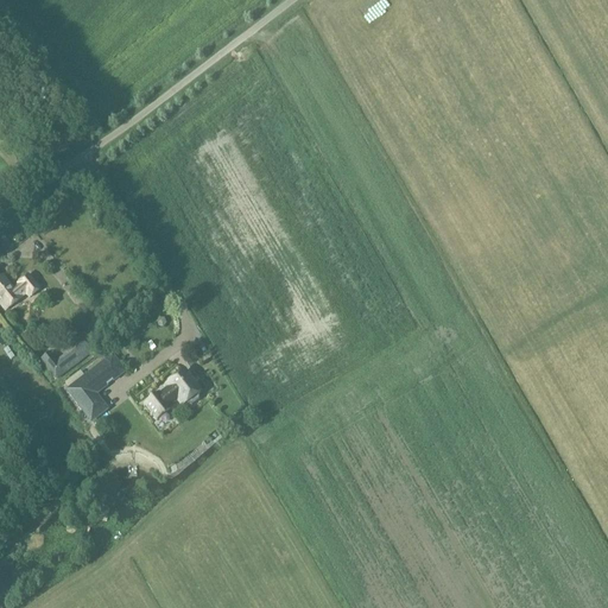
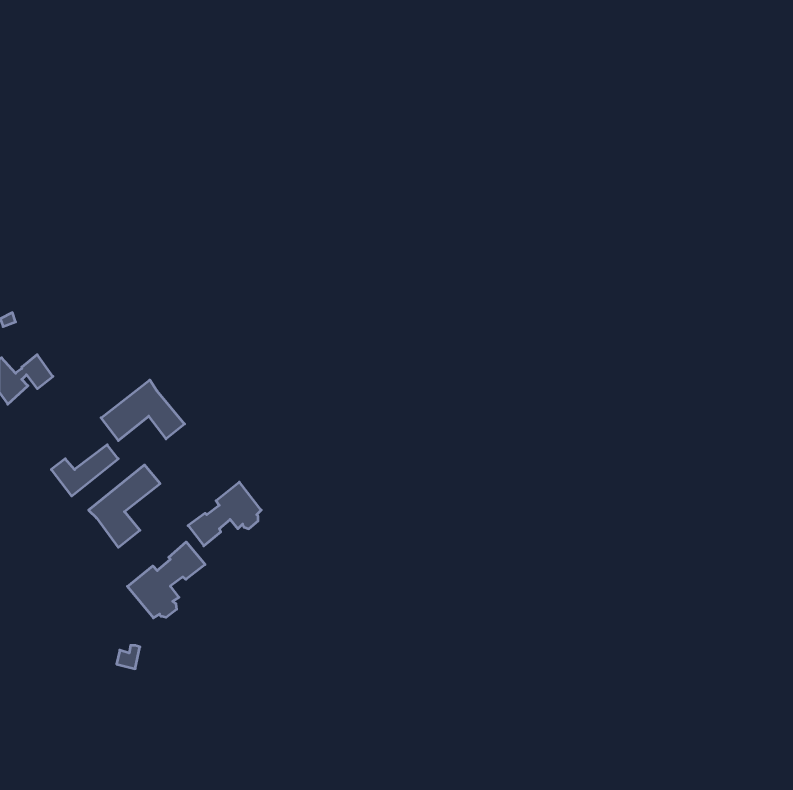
building: none -> [101,380,185,441]
building: none -> [127,542,205,618]

